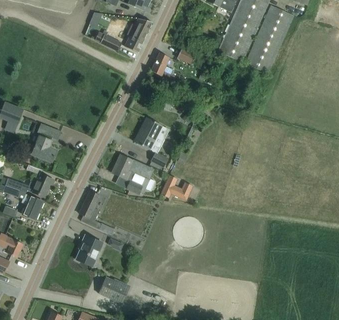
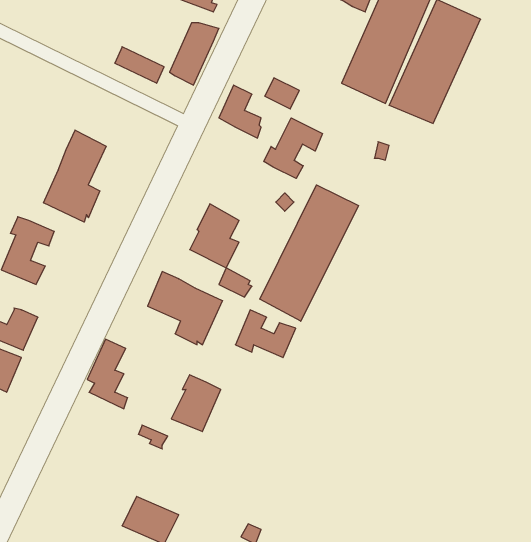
building: none -> [264,118,323,178]
building: none -> [44,130,106,222]
building: none -> [260,185,359,321]
building: [75,234,102,265] -> [171,375,221,432]

